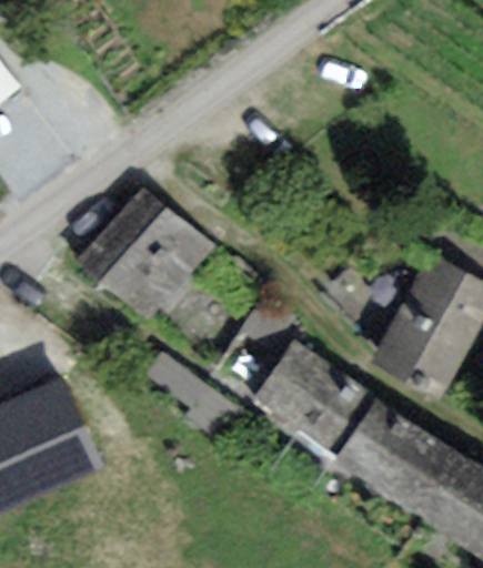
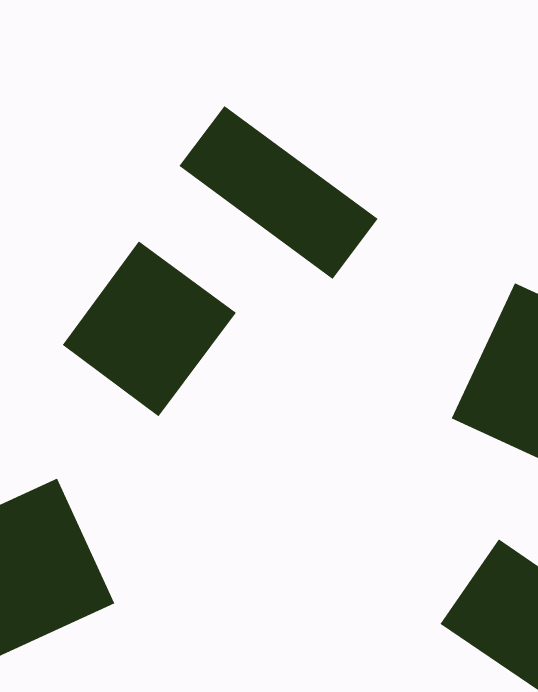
building: none -> [178,105,378,280]
building: [254,341,416,487] -> none

